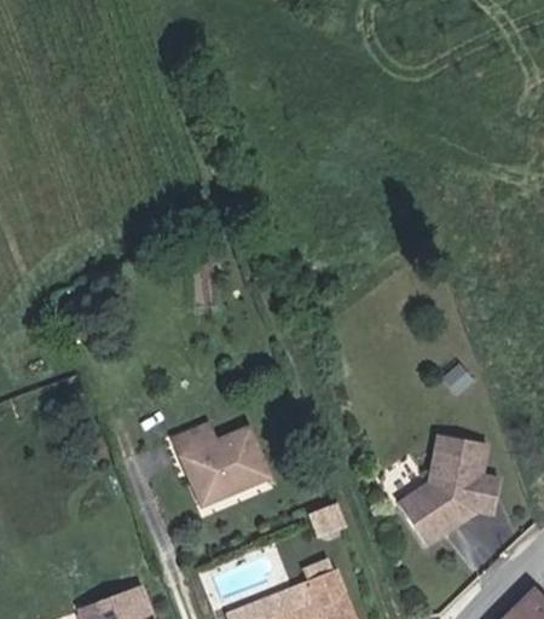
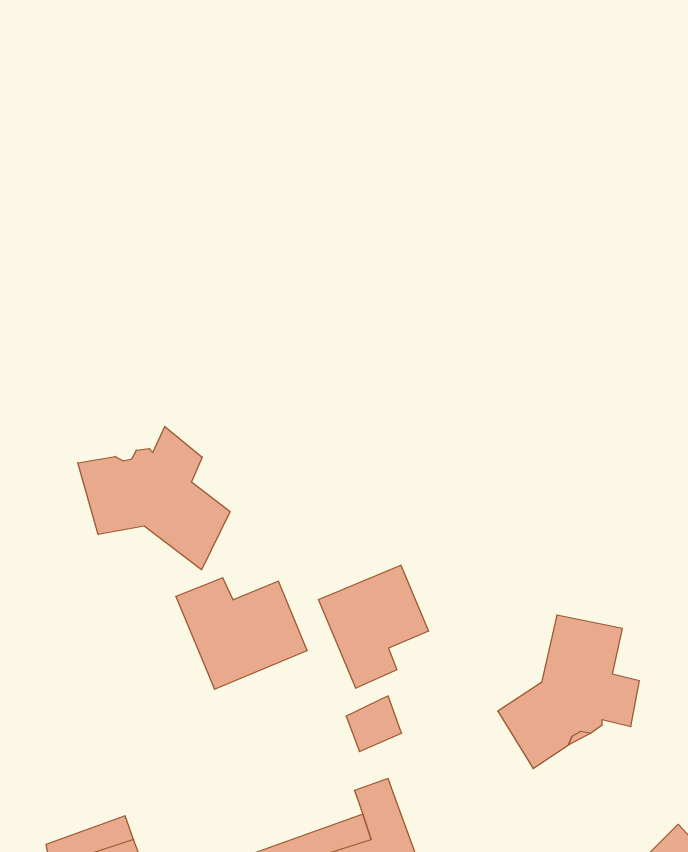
building: none -> [78,426,230,570]
building: none -> [319,565,429,688]

